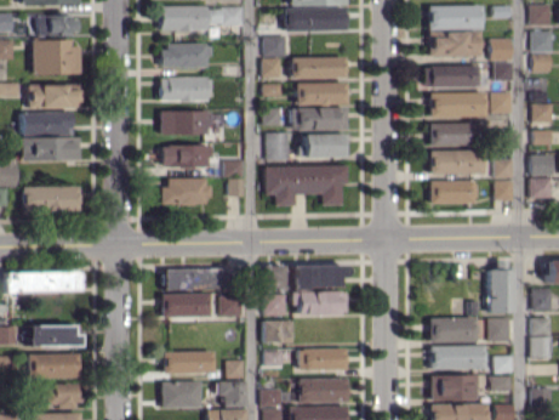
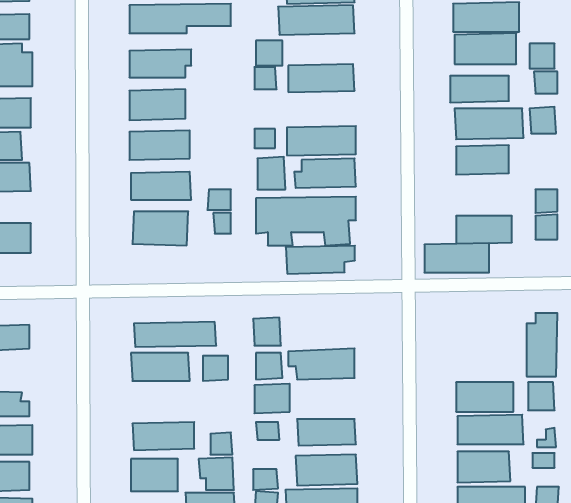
building: [293,83,346,104] -> none
building: [429,149,483,174] -> [424,243,489,273]
building: [290,265,347,288] -> [286,246,355,274]

